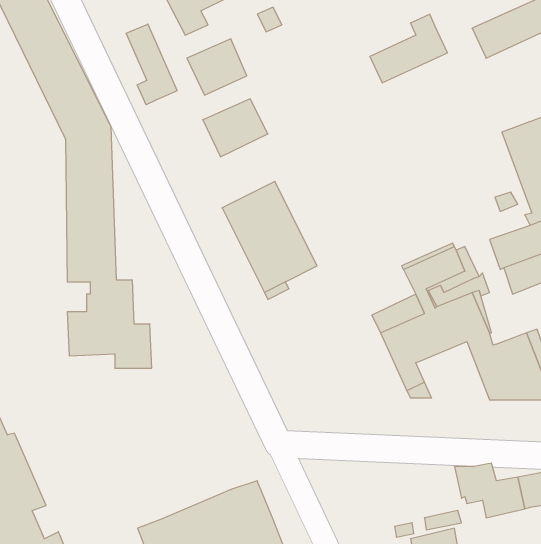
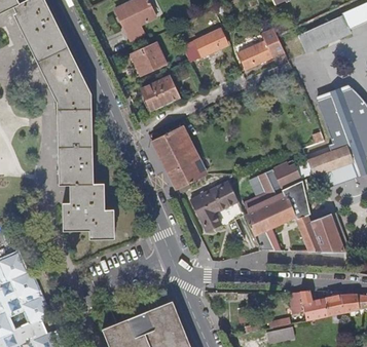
building: none -> [182,29,228,63]
building: [126,24,177,105] -> none
building: none -> [191,181,238,232]

